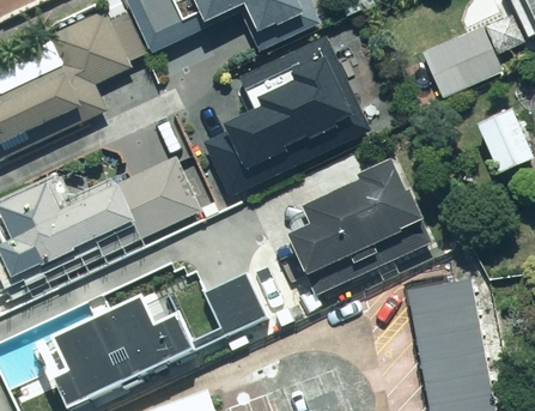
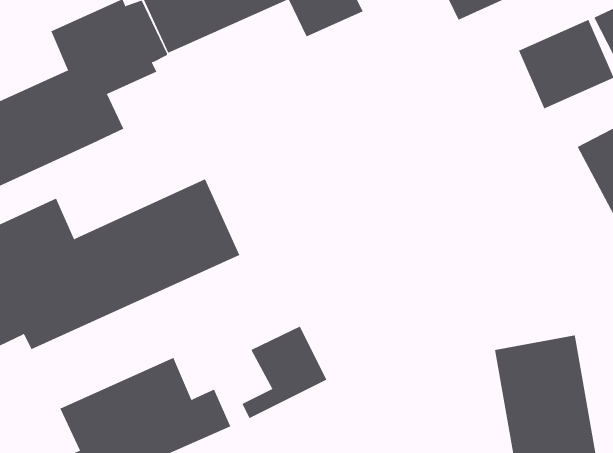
building: [205,31,370,193] -> none
building: [284,164,421,278] -> none

